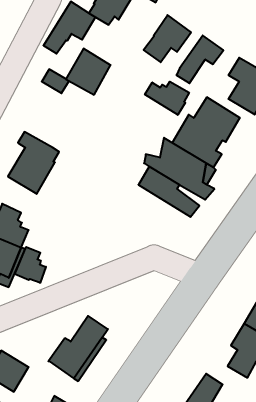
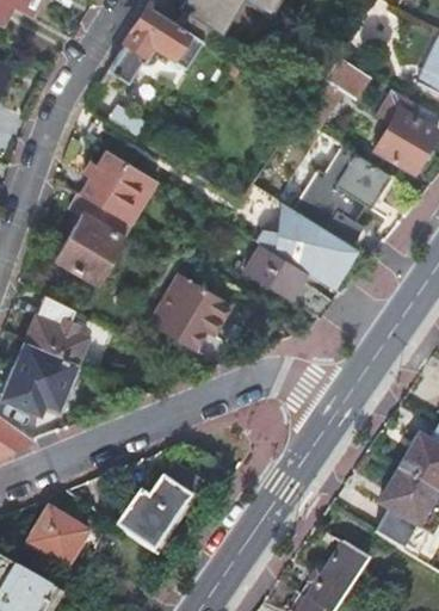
building: [144,15,191,62] -> none
building: [66,49,111,95] -> [80,152,144,218]
building: [145,82,189,115] -> none
building: none -> [148,273,230,351]
building: [15,247,46,283] -> none

